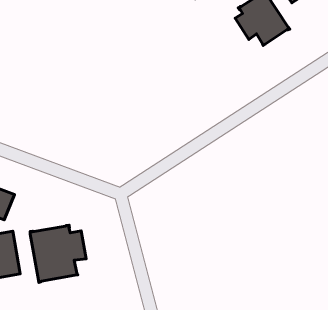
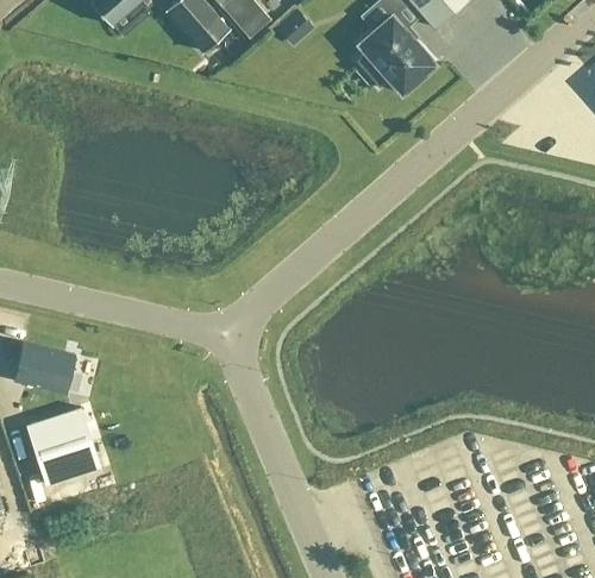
building: [30,225,86,283] -> none

